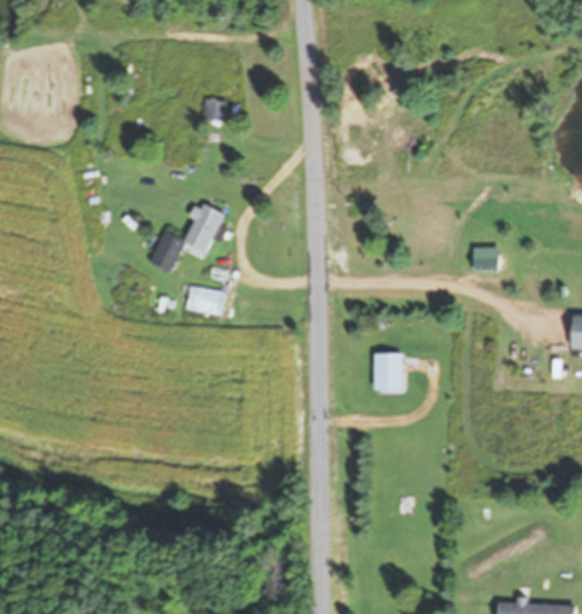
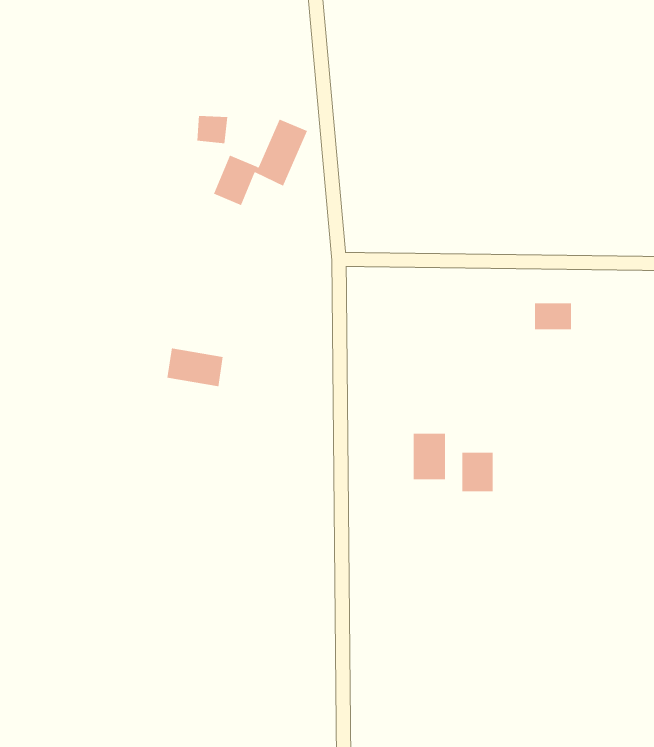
building: [150,201,226,271] -> [213,119,308,206]
building: none -> [462,452,493,492]

